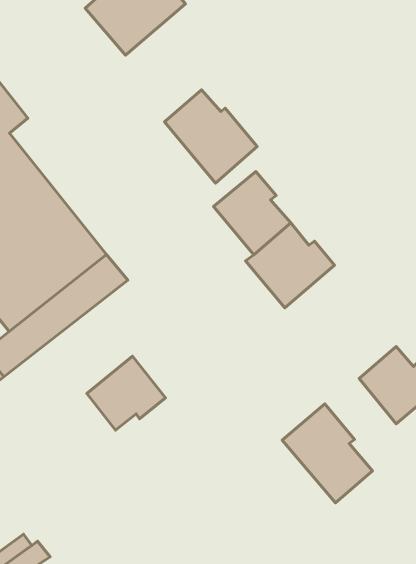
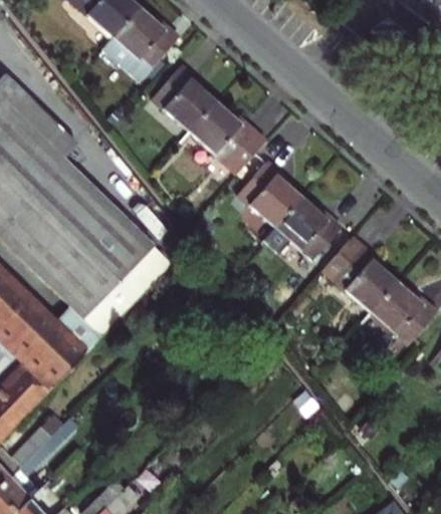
building: none -> [148,63,210,128]
building: [87,356,165,430] -> none
building: [282,404,373,503] -> [320,234,397,312]

